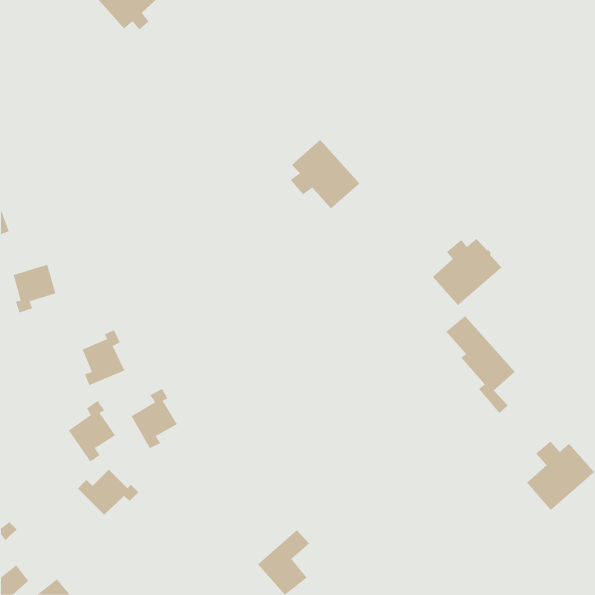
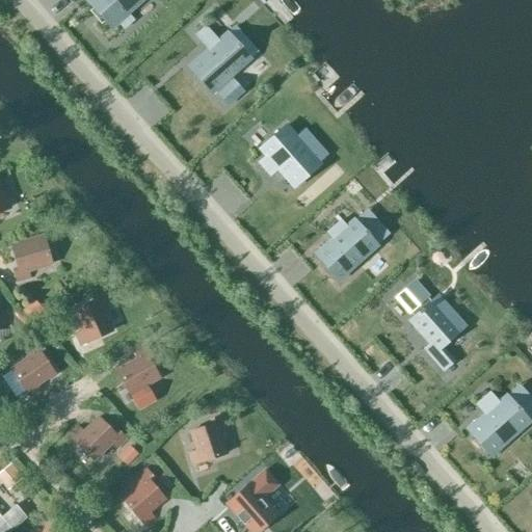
building: none -> [190,26,251,103]
building: [432,238,502,306] -> [317,218,379,278]
building: [68,400,116,462] -> [12,341,55,396]
building: none -> [190,416,227,463]
building: none -> [123,469,165,524]

